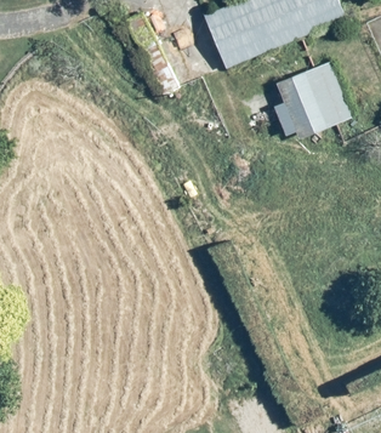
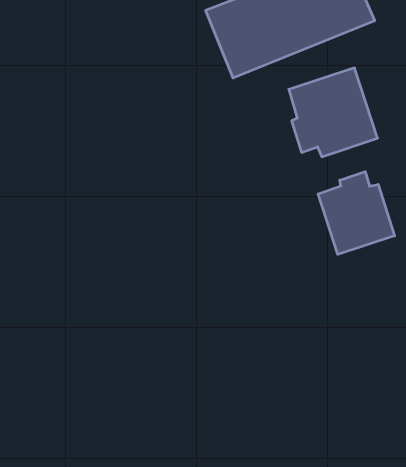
building: none -> [318,172,395,254]

